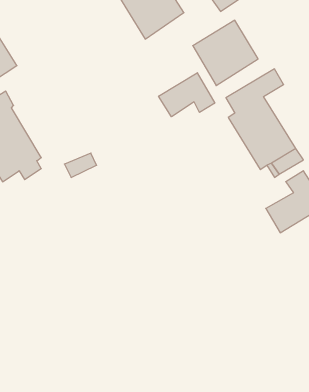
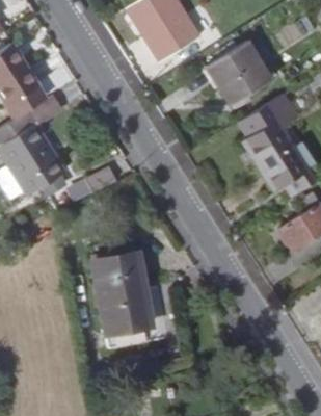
building: [159,73,215,117] -> none
building: none -> [88,256,152,353]

